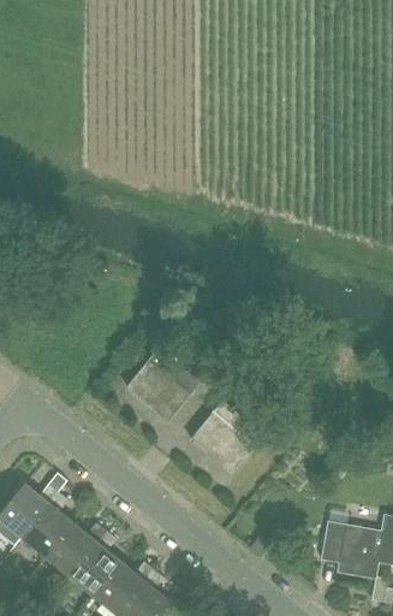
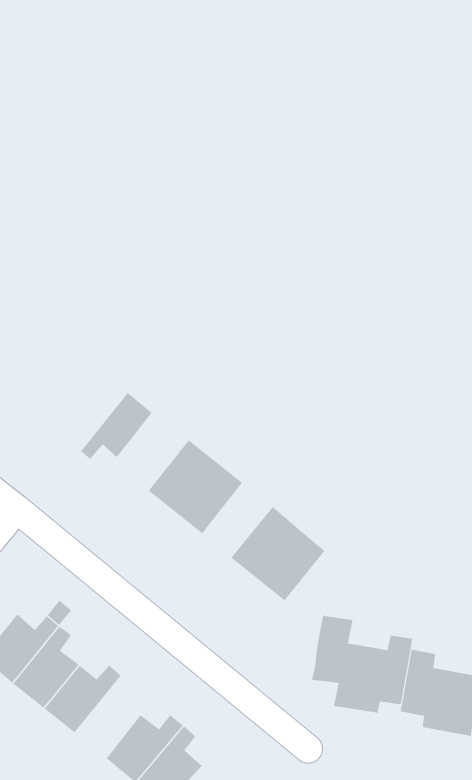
building: none -> [80,392,153,460]
building: none -> [312,615,413,714]
building: [70,532,120,596] -> none

